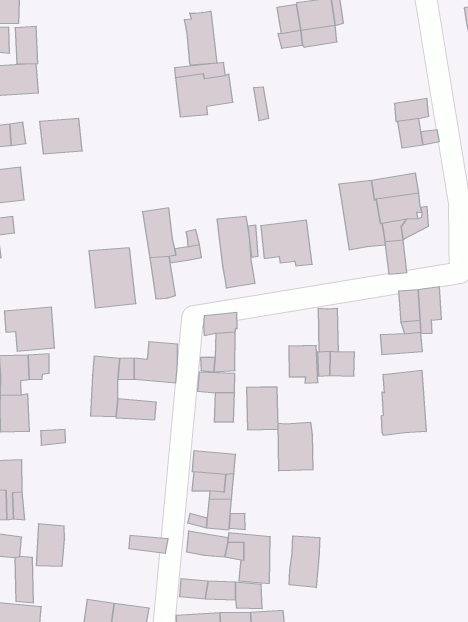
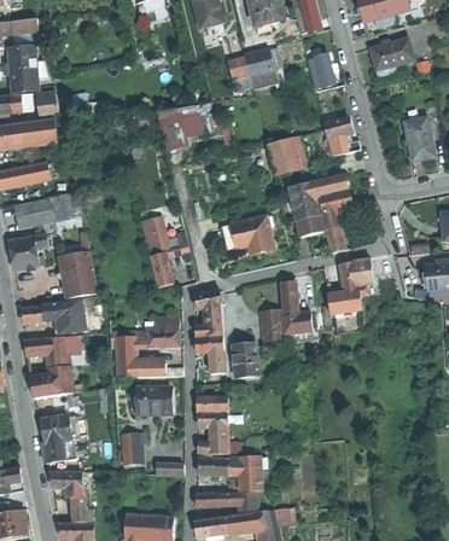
building: none -> [305,53,334,88]
building: [184,11,217,65] -> none
building: none -> [267,134,308,174]
building: [40,118,82,154] -> [48,191,82,220]
building: [217,216,255,288] -> none
building: [89,248,136,308] -> [57,250,95,297]
building: [382,370,426,435] -> none
building: [278,422,313,471] -> none
building: none -> [138,386,171,414]
building: [36,524,65,566] -> [121,432,141,464]
building: [289,536,320,588] -> none

